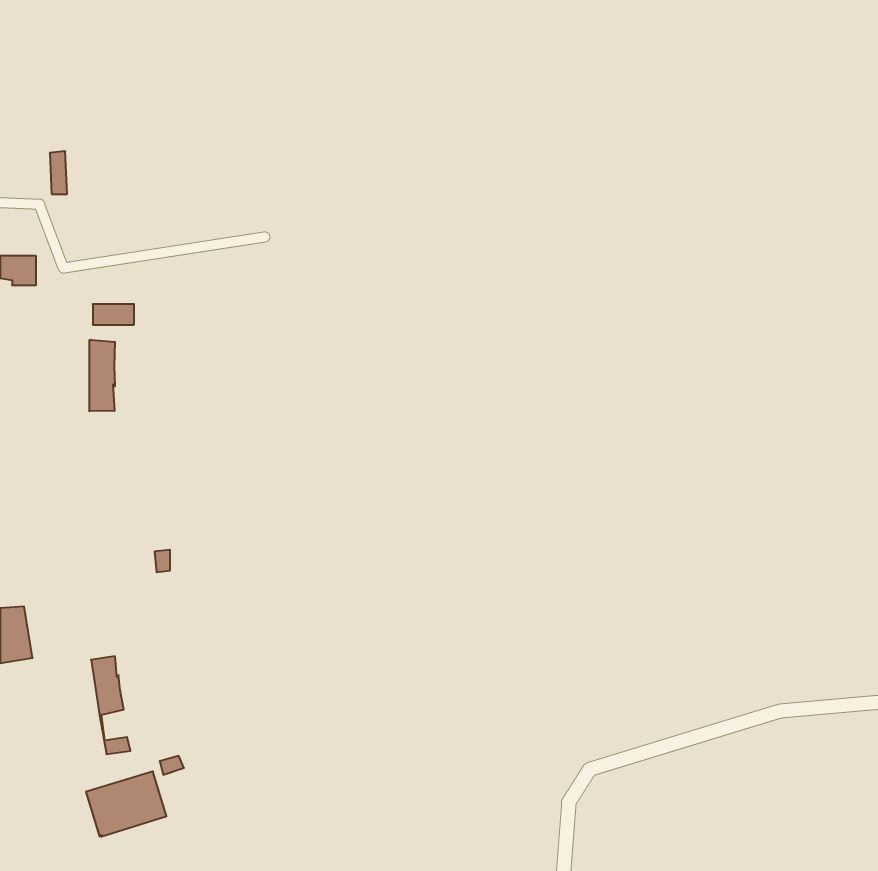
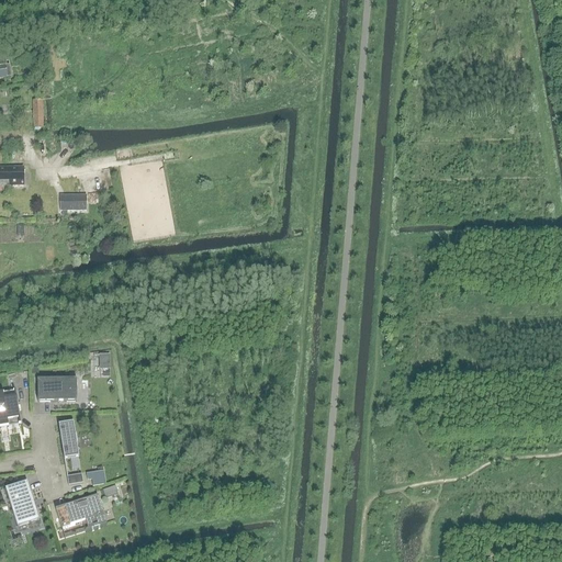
building: [89,340,115,411] -> none
building: none -> [37,376,77,398]
building: none -> [4,479,38,525]

